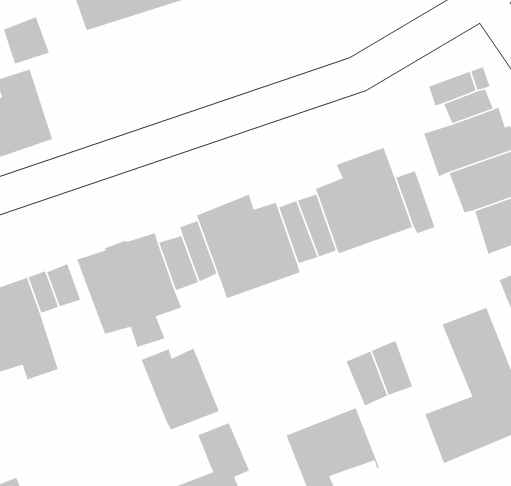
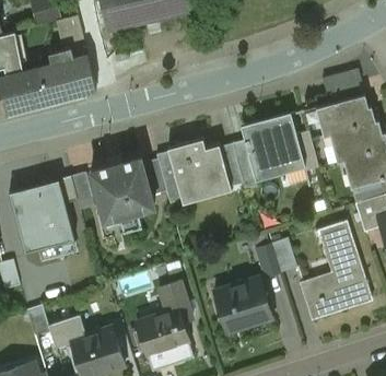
building: [141,348,220,430] -> none

